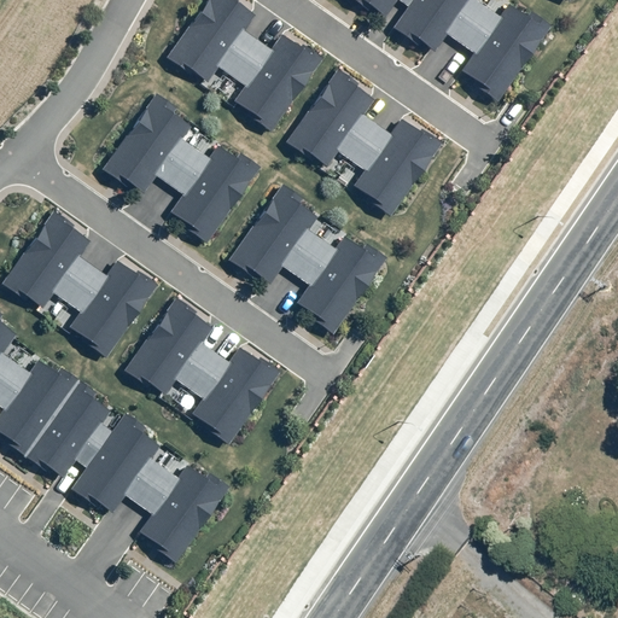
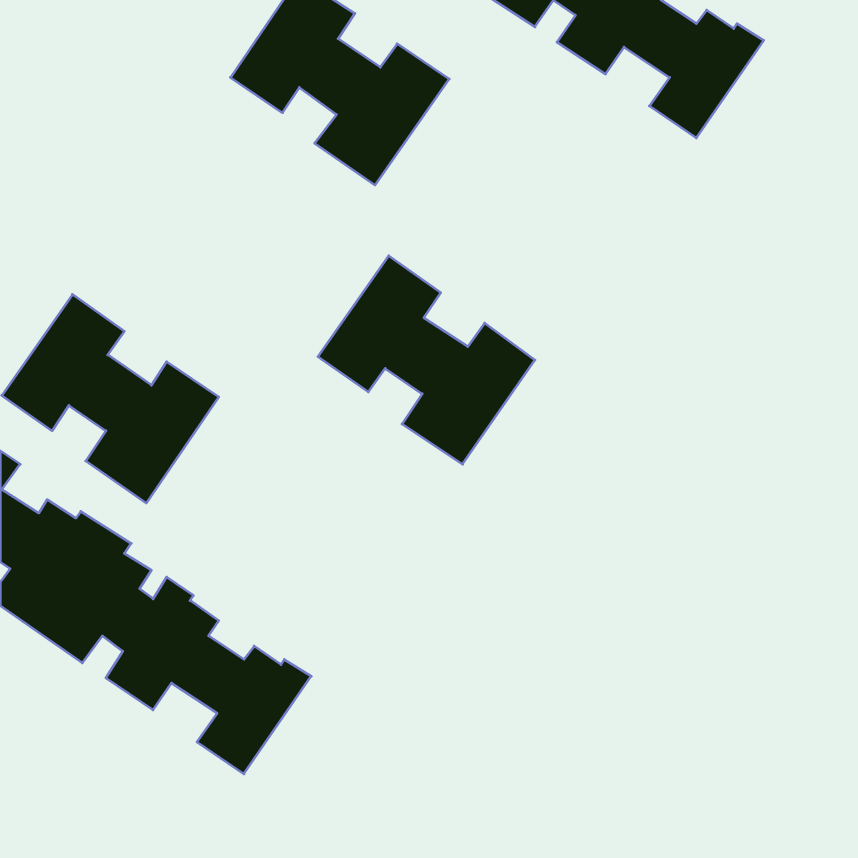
building: [286,68,442,216] -> none
building: [104,93,260,243] -> none
building: [124,297,281,447] -> none

